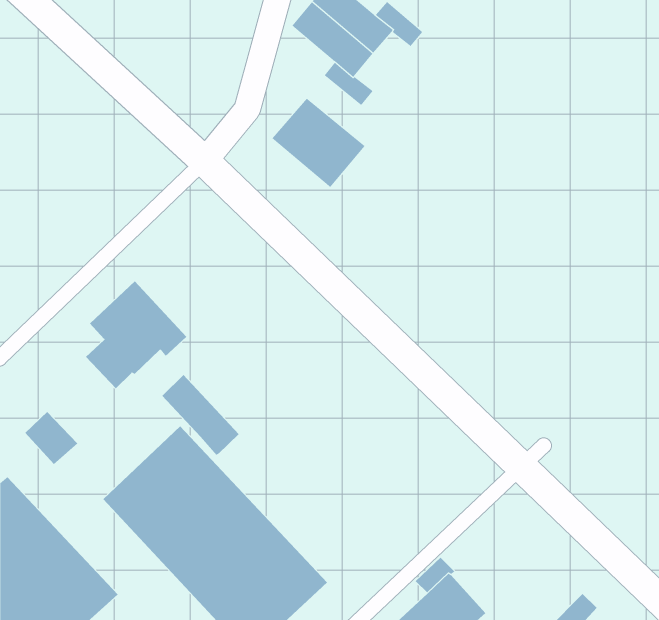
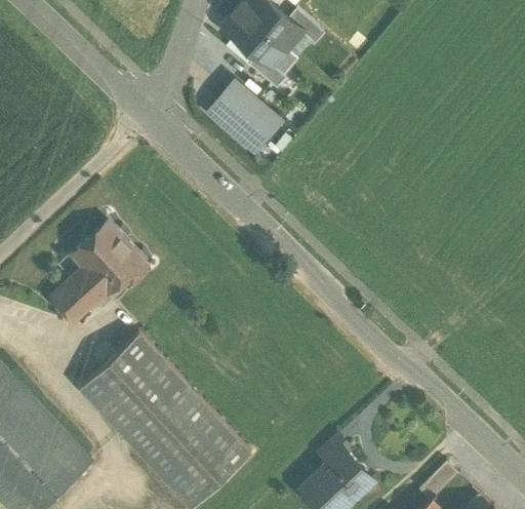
building: [161,374,239,456] -> none
building: [24,411,78,465] -> [48,281,89,322]

